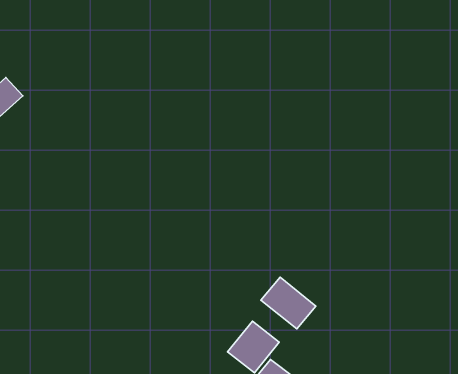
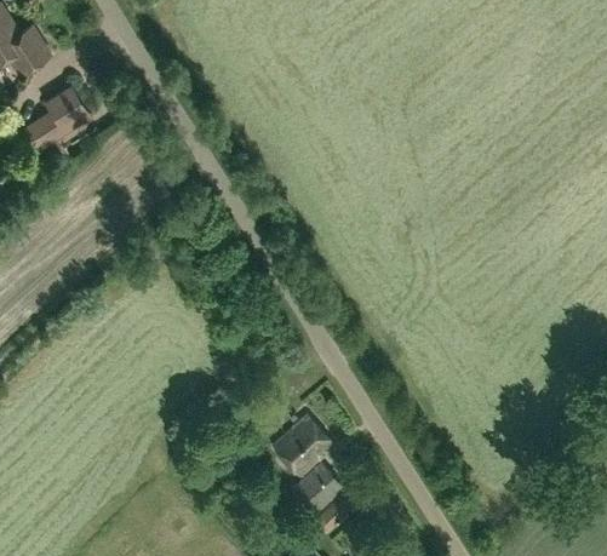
building: [261,277,316,329] -> none

